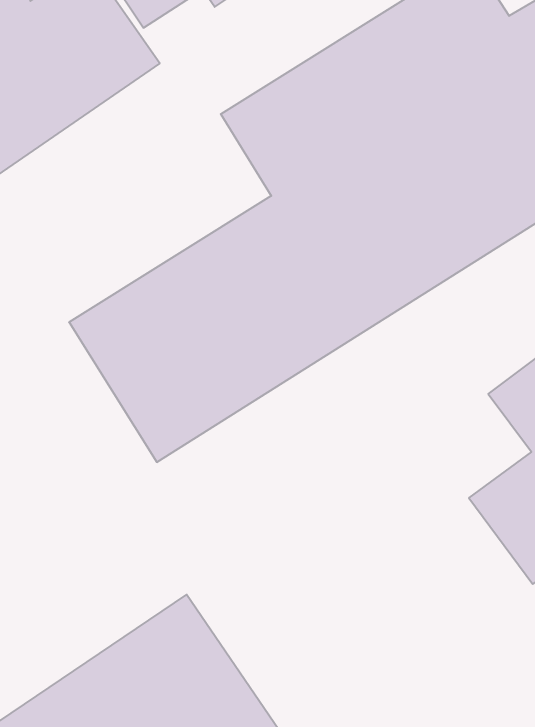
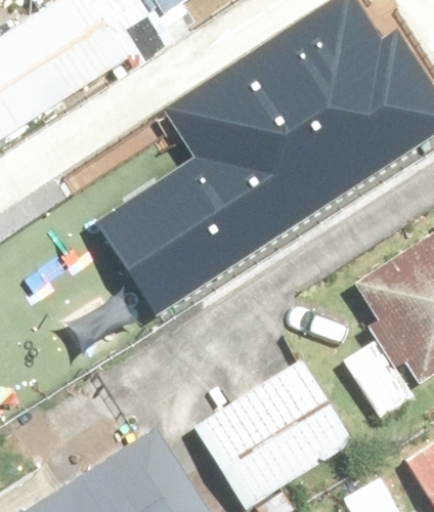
building: none -> [194,361,350,505]

